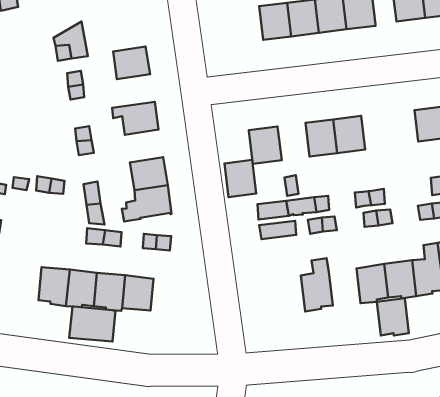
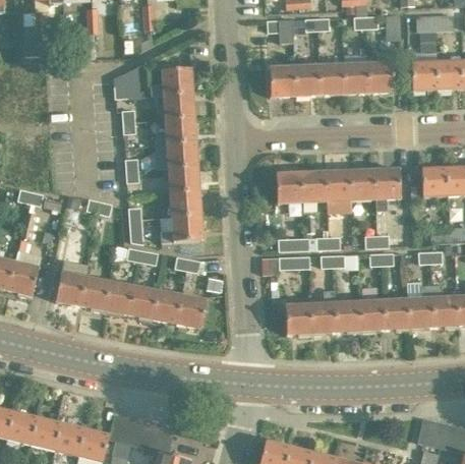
building: none -> [269,66,295,97]
building: none -> [151,67,192,96]
building: none -> [157,117,196,143]
building: none -> [374,168,401,211]
building: none -> [168,166,199,192]
building: [224,160,256,197] -> [301,171,327,201]
building: none -> [55,272,85,305]
building: none -> [285,303,311,336]
building: none -> [177,294,207,328]
building: [377,298,409,335] -> [335,301,360,333]
building: [69,307,115,342] -> none

